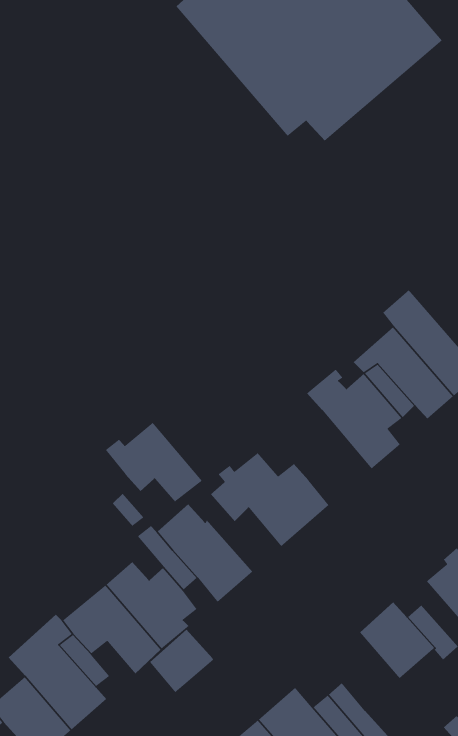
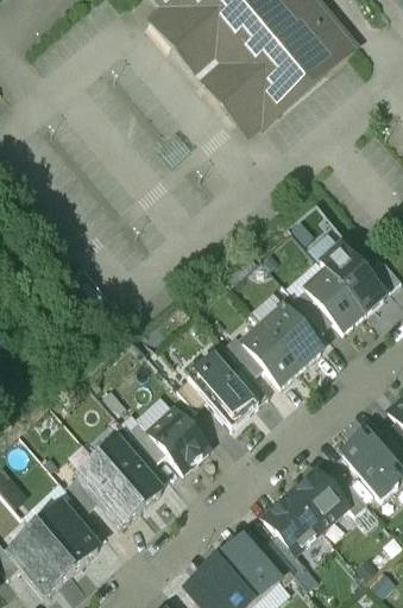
building: [105,422,203,503] -> [225,327,300,388]
building: [149,629,214,693] -> none
building: none -> [263,496,321,556]

